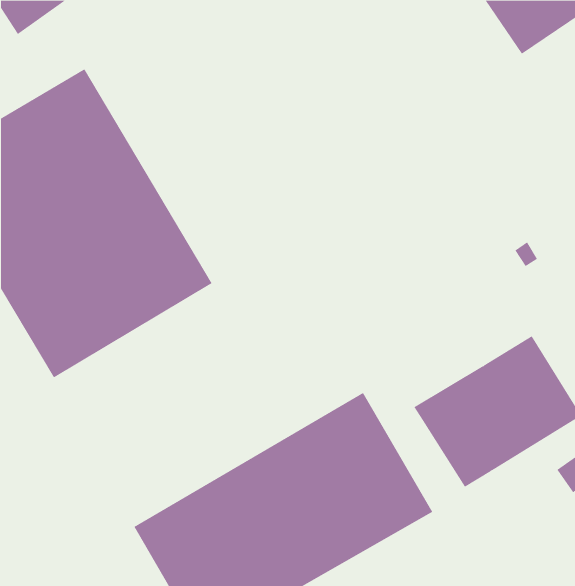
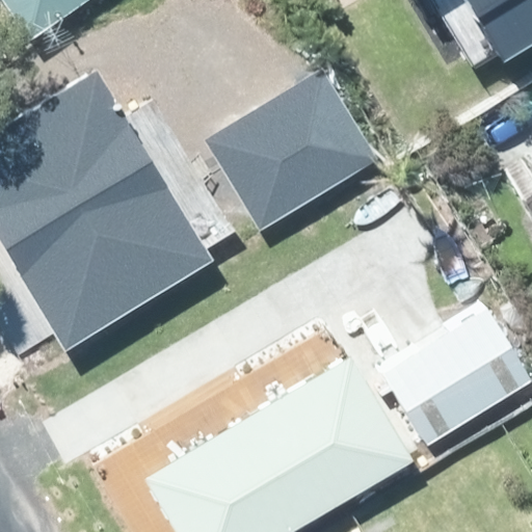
building: none -> [197,69,376,238]

